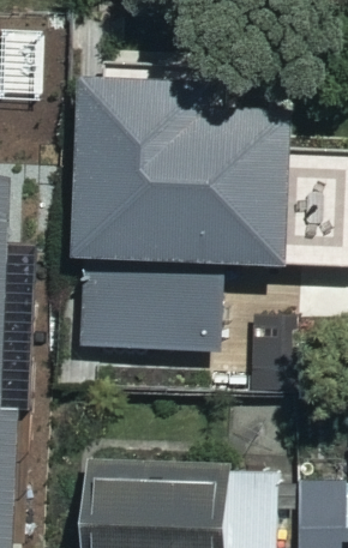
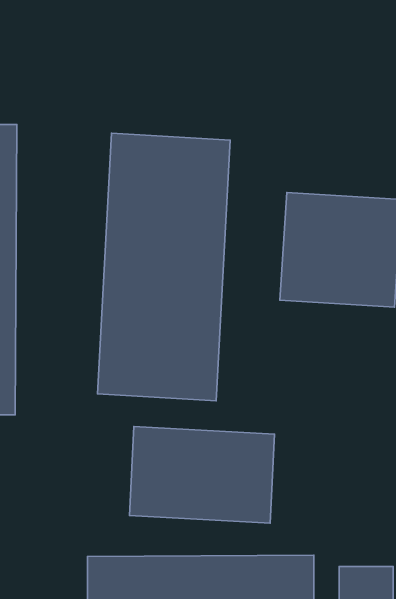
building: none -> [130,427,275,523]

